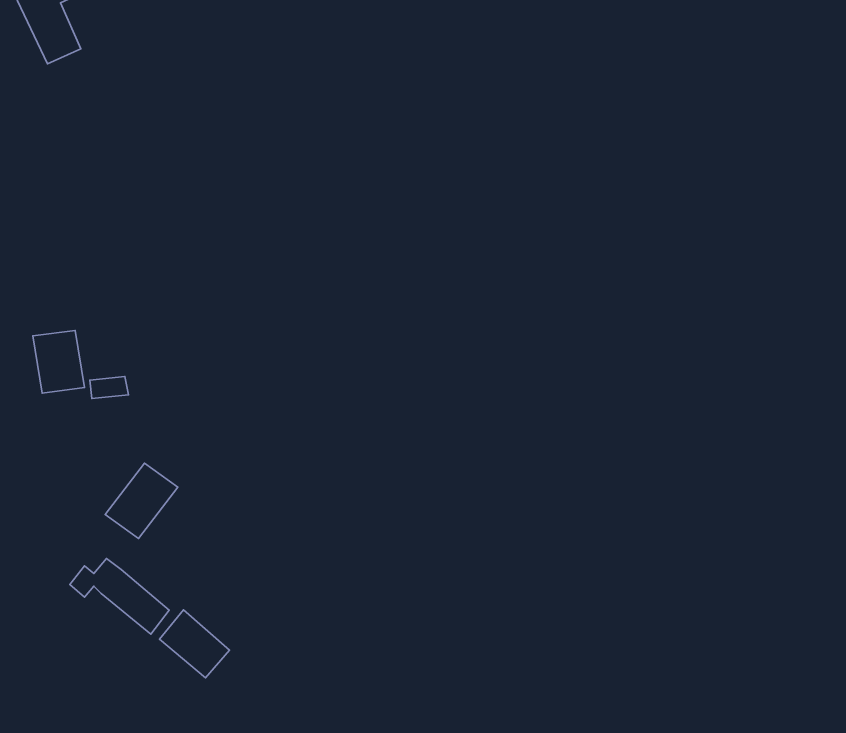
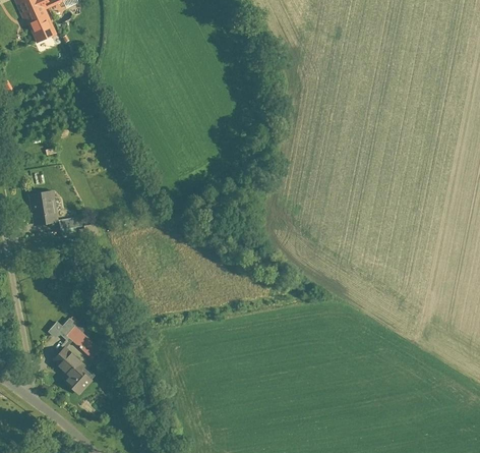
building: [105,463,178,538] -> none
building: [160,610,229,678] -> [53,345,92,383]

